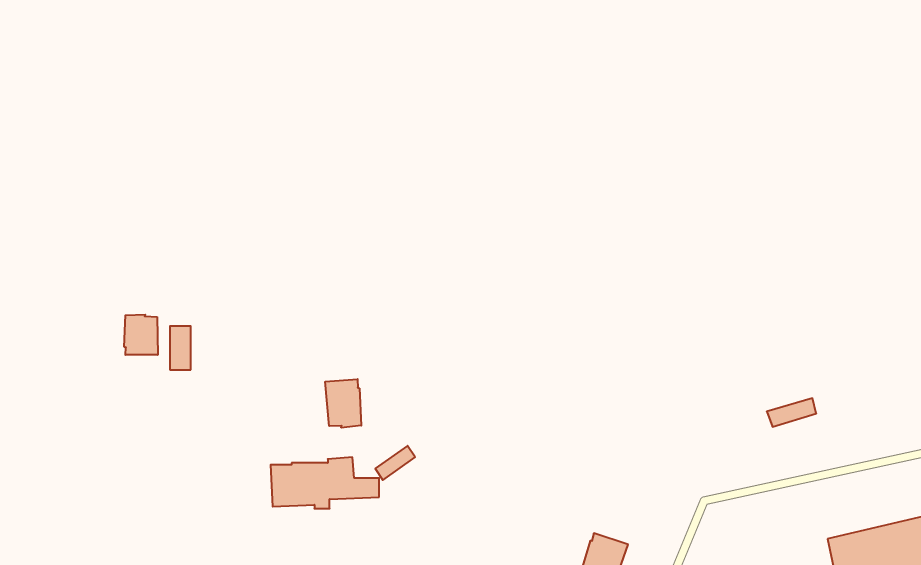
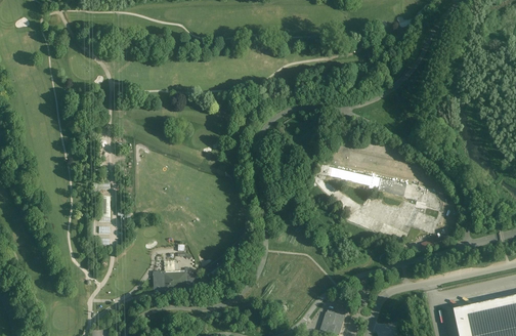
building: [124,315,158,355] -> none
building: [325,379,361,428] -> none

